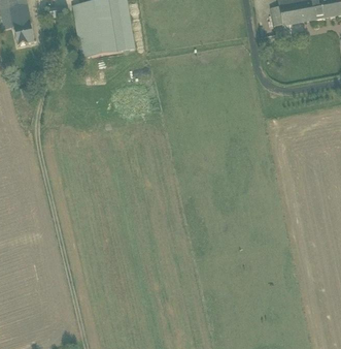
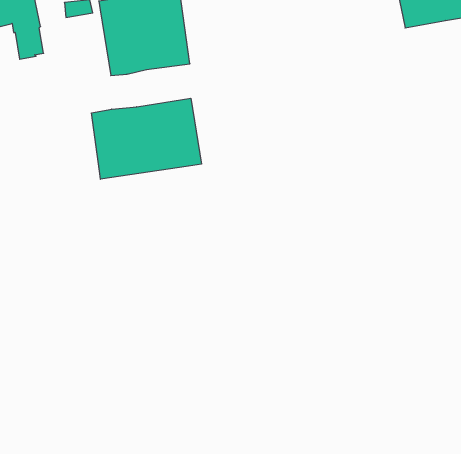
building: none -> [92,98,201,179]

